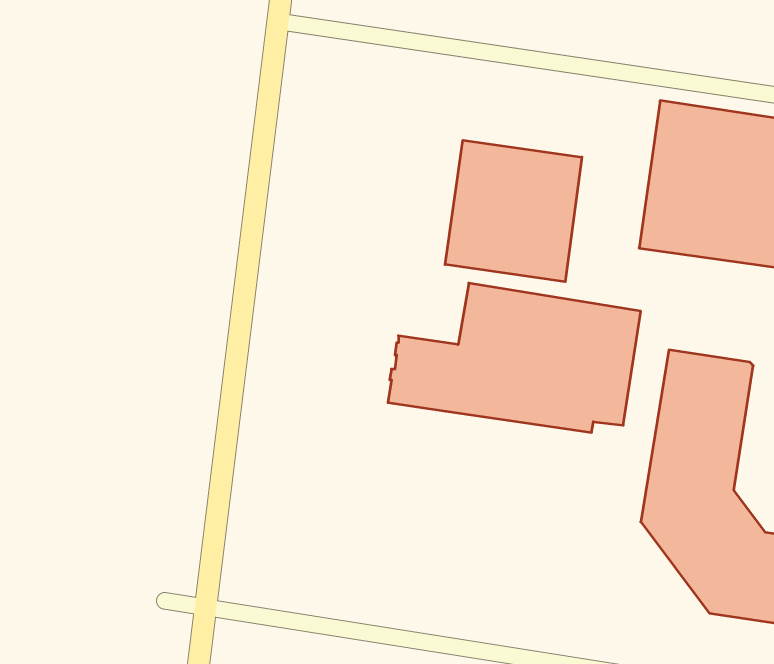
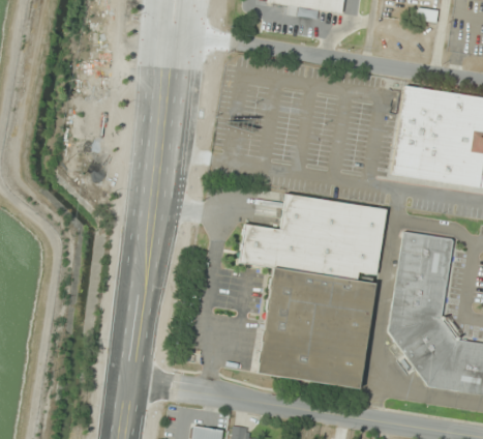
building: [445,140,582,282] -> none
building: none -> [256,267,374,388]

